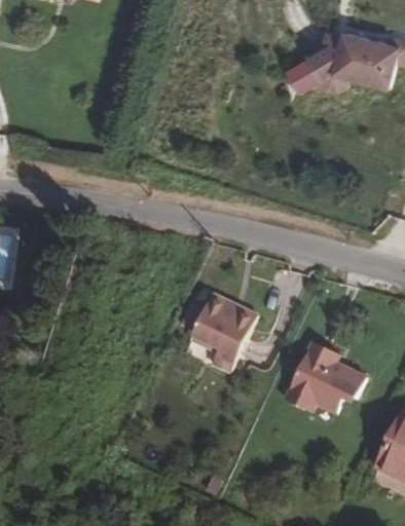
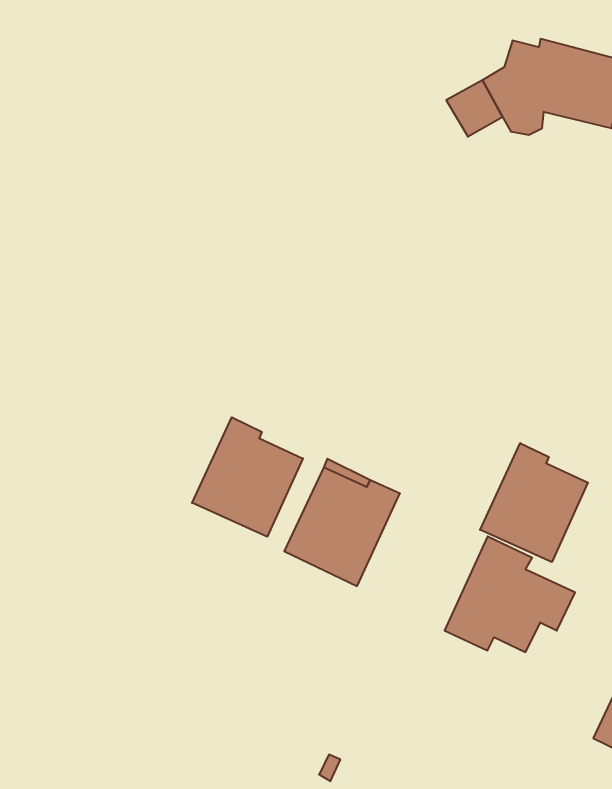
building: none -> [192,417,303,537]
building: none -> [480,443,588,562]

